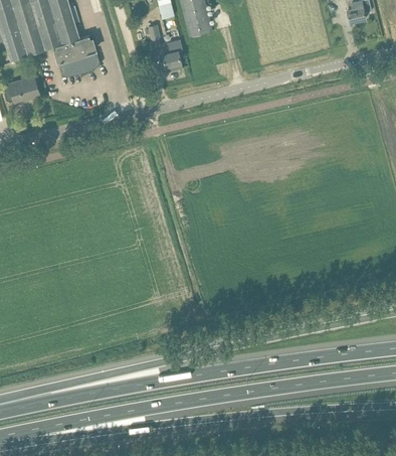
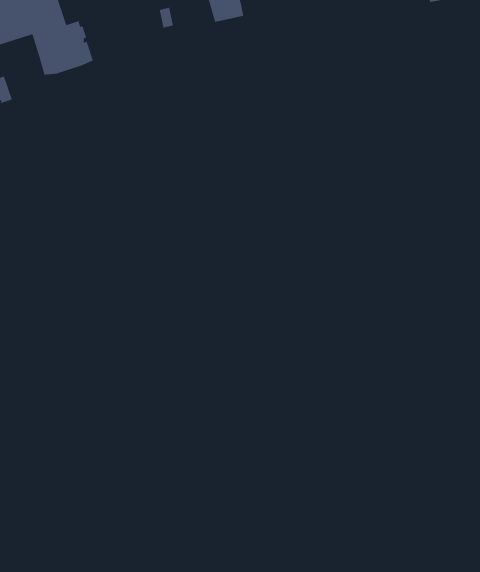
building: [160,39,182,71] -> none

